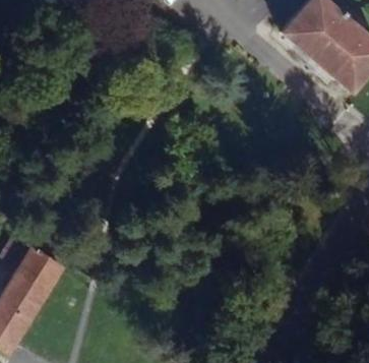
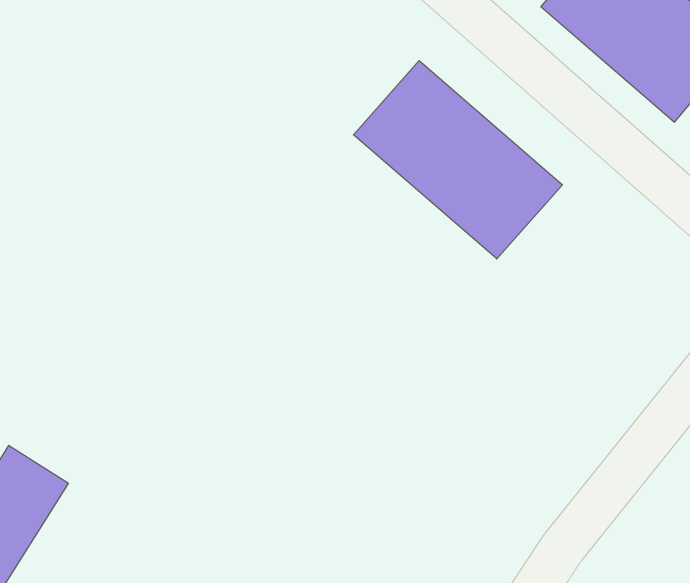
building: none -> [353,61,562,259]

